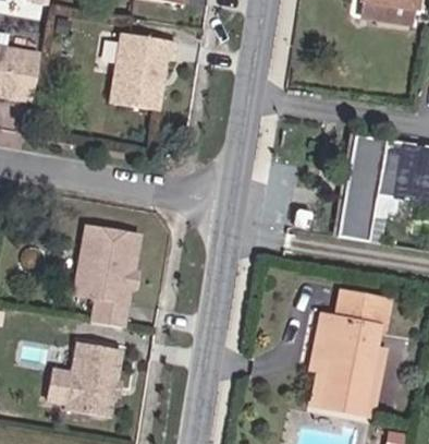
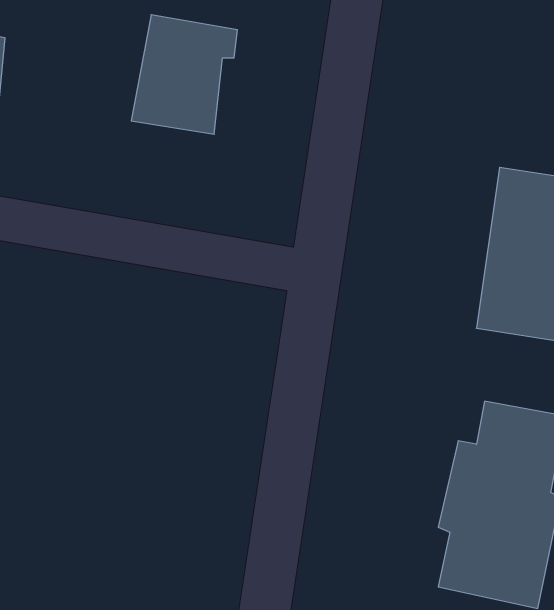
building: [76,225,142,327] -> none
building: [49,343,122,415] -> none

